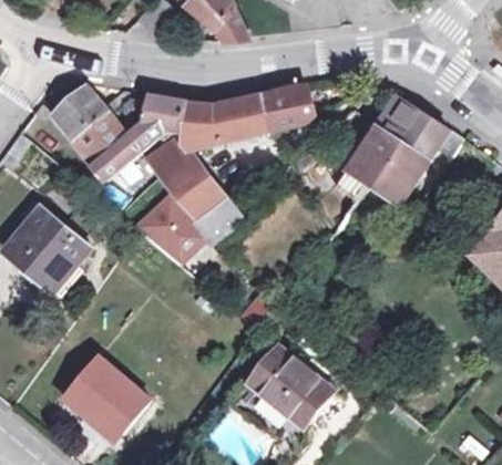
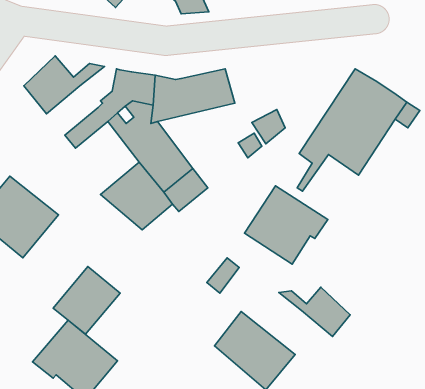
building: [262,85,314,132] -> none
building: [78,114,131,165] -> none
building: none -> [245,186,328,264]
building: none -> [53,267,120,334]
building: none -> [279,287,350,337]

